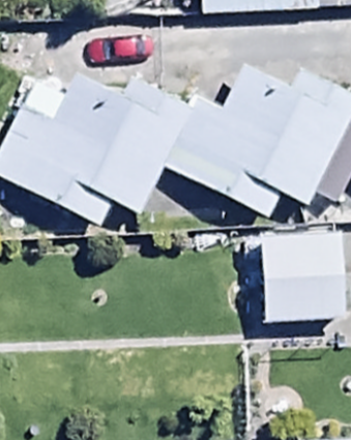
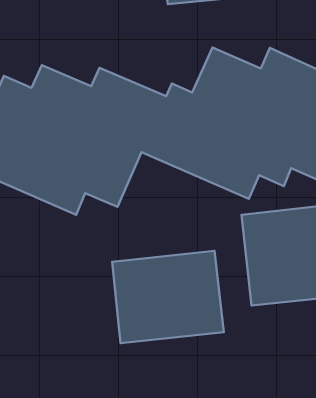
building: none -> [112,251,224,343]

